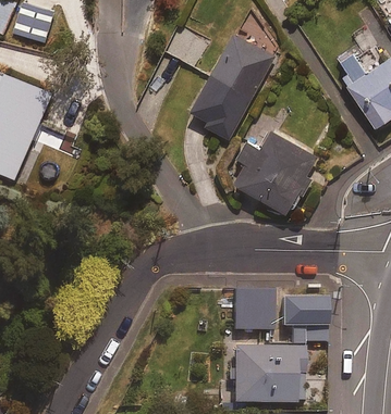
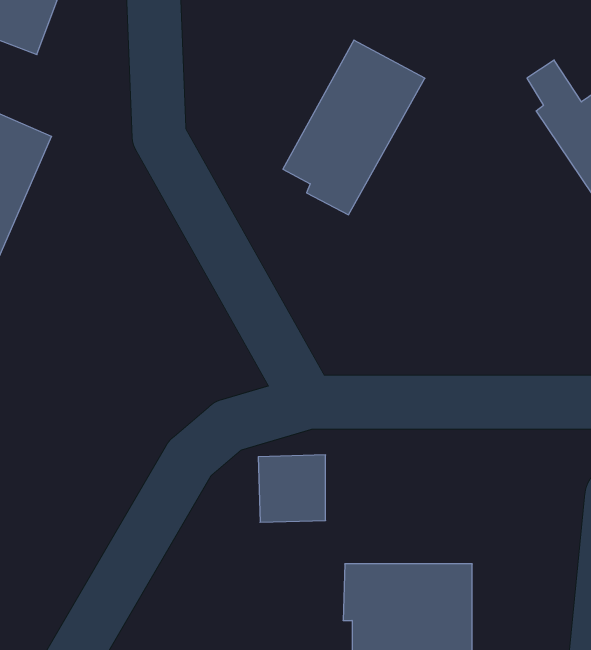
building: [233,130,318,213] -> none
building: [233,290,273,330] -> [258,455,326,522]
building: [284,297,327,343] -> none

